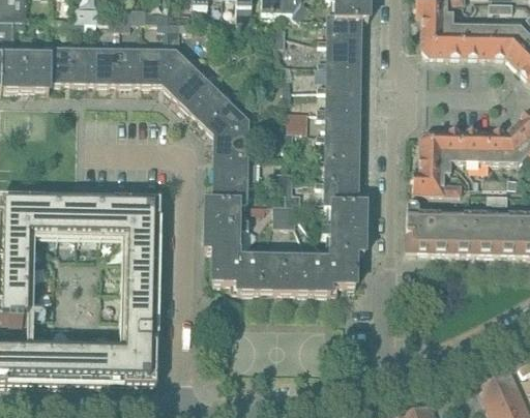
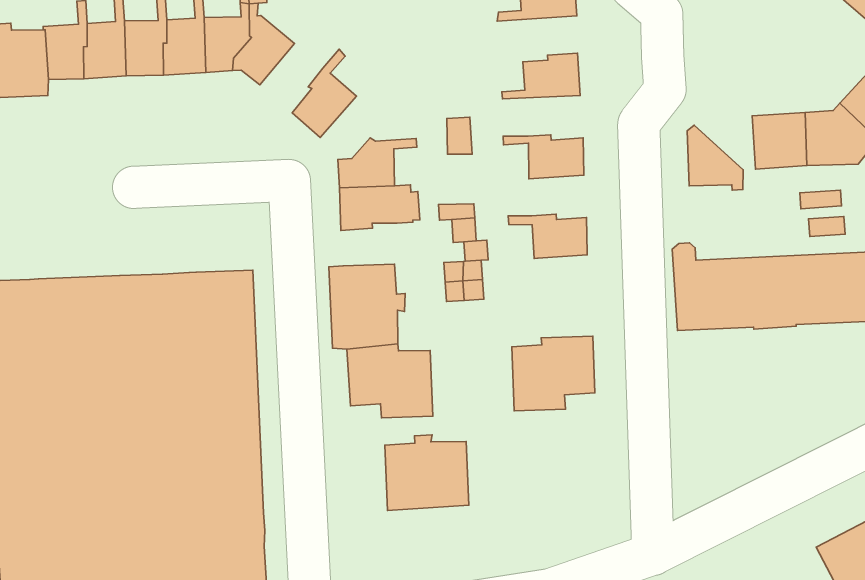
building: [173,59,210,110] -> none
building: [314,64,360,89] -> none
building: [206,102,262,139] -> none
building: [314,110,359,136] -> none
building: [424,128,459,160] -> none
building: [313,156,358,182] -> none
building: [413,168,462,192] -> none
building: [214,177,257,202] -> none
building: [323,203,365,251] -> none
building: [261,249,310,292] -> [385,435,469,511]

